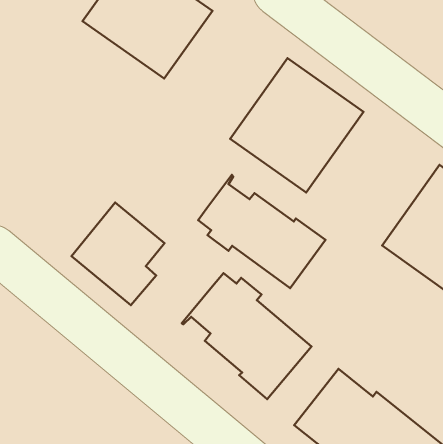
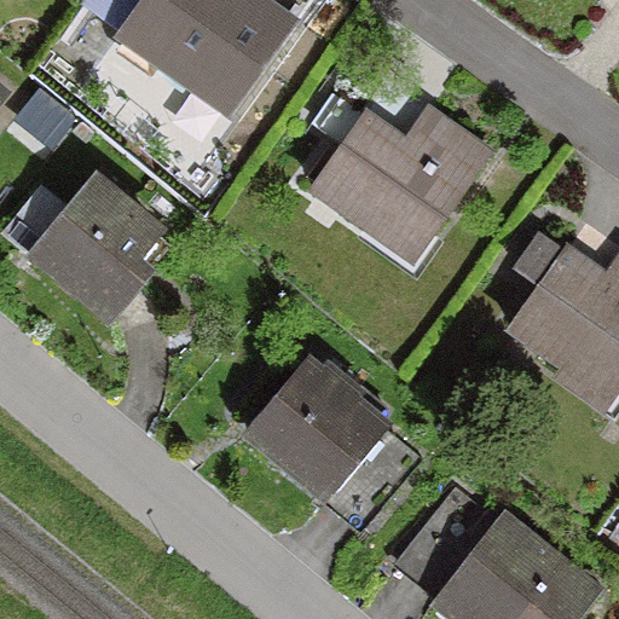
building: [198,175,326,288] -> none
building: [72,202,164,305] -> [33,183,154,317]

